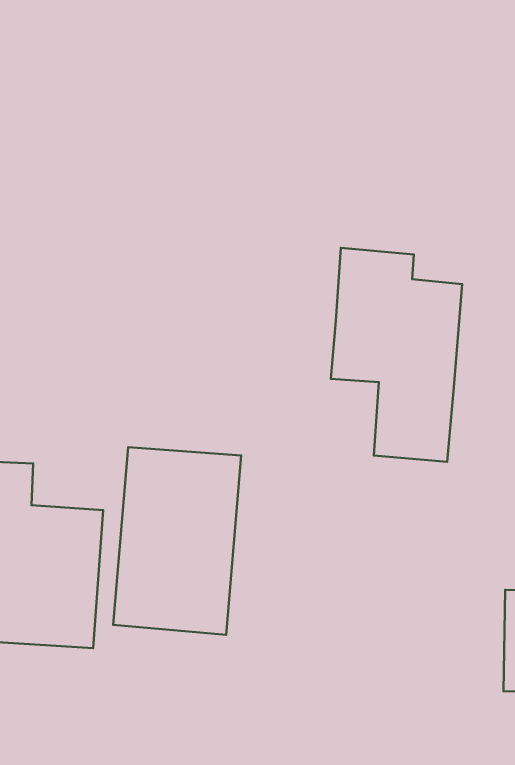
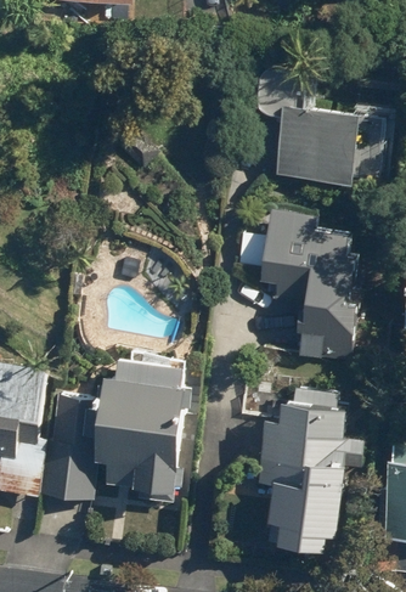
building: none -> [277,98,382,185]
building: none -> [253,395,368,552]

